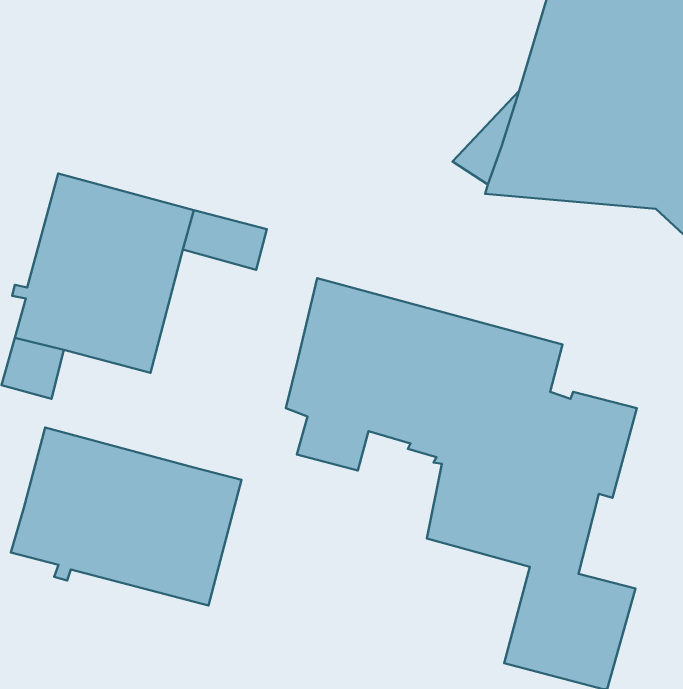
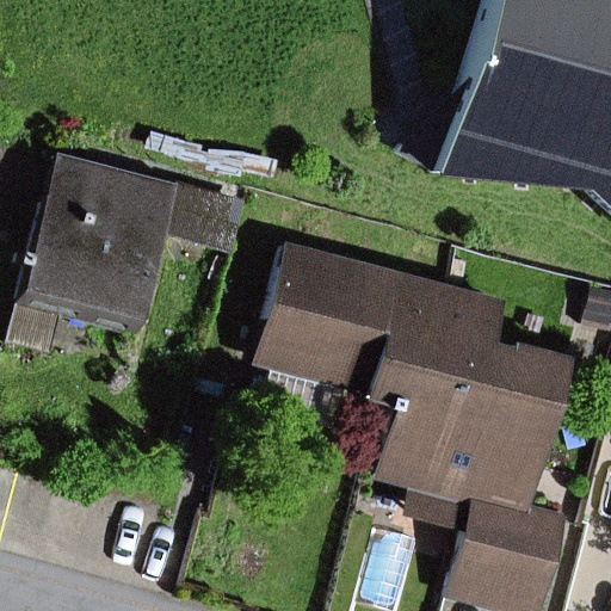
building: [11,428,242,606] -> none

